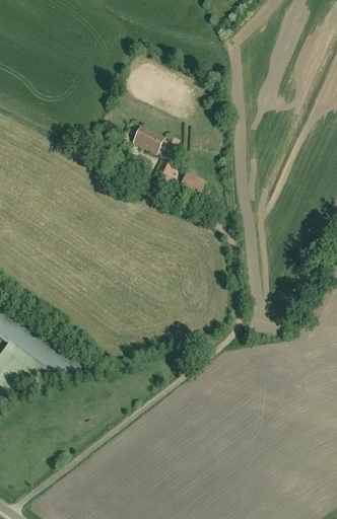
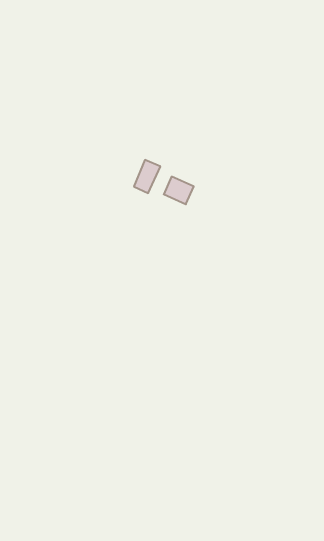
building: [132,124,164,152] -> none

